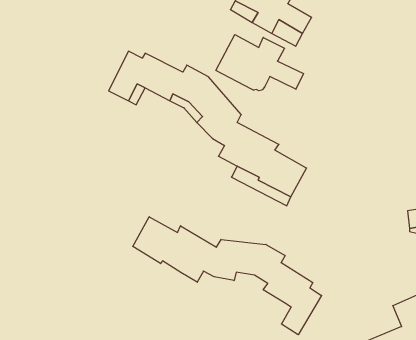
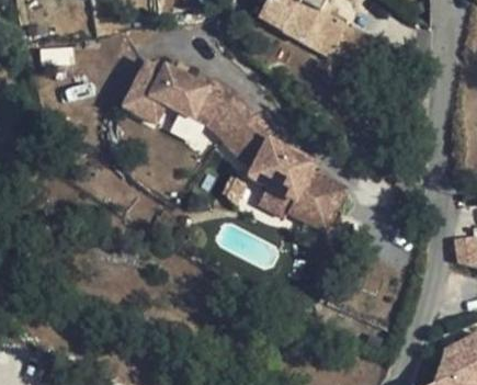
building: [216,35,304,91] -> none
building: [133,217,322,335] -> none

